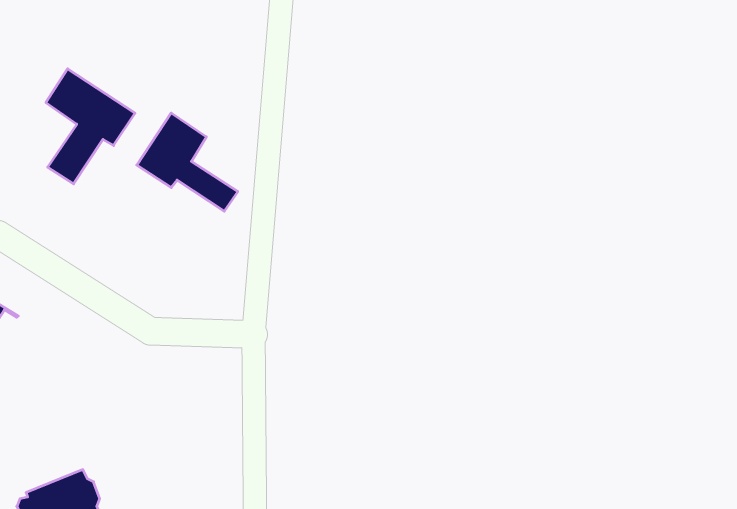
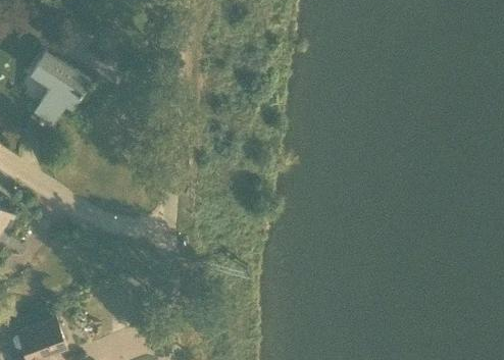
building: [137,113,238,211] -> none

